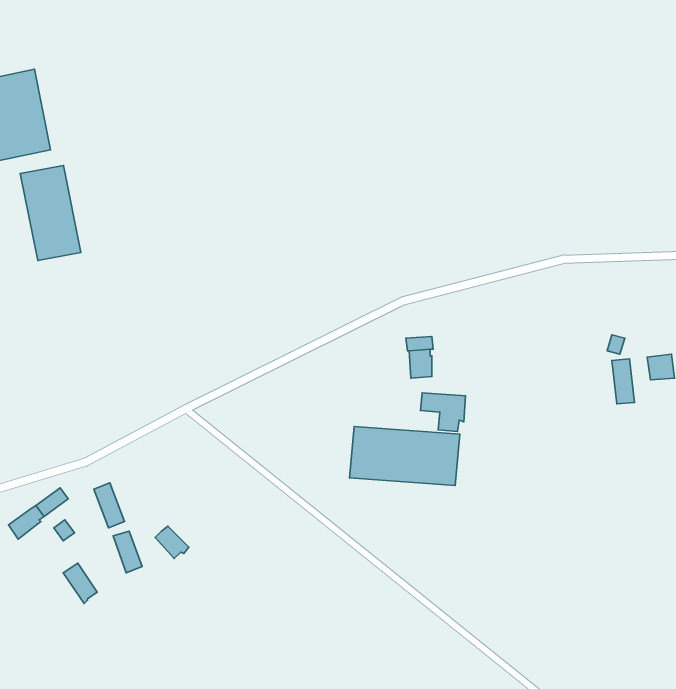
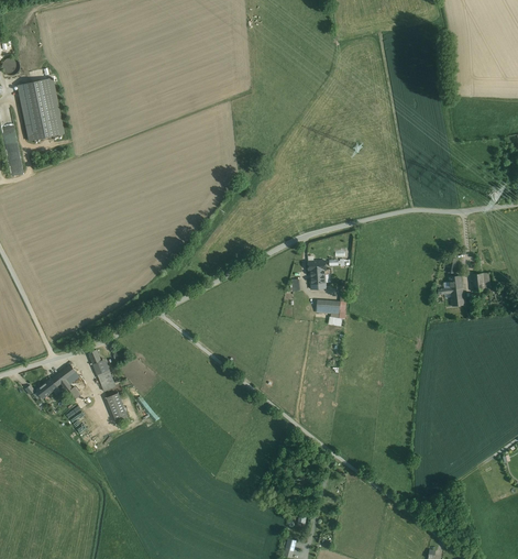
building: [20,165,81,261] -> none
building: [350,426,460,486] -> none

